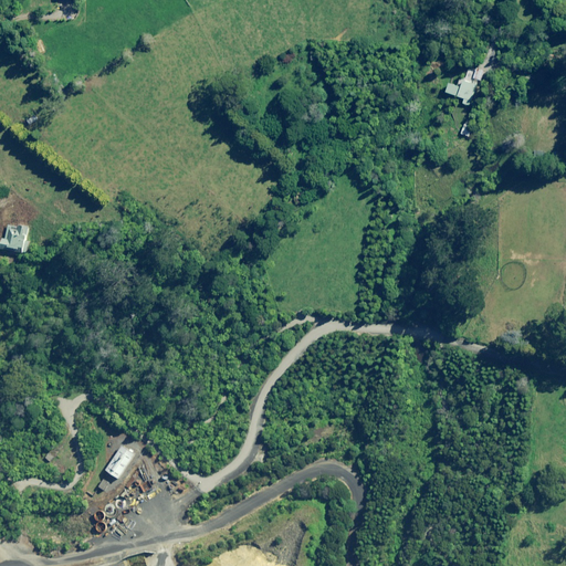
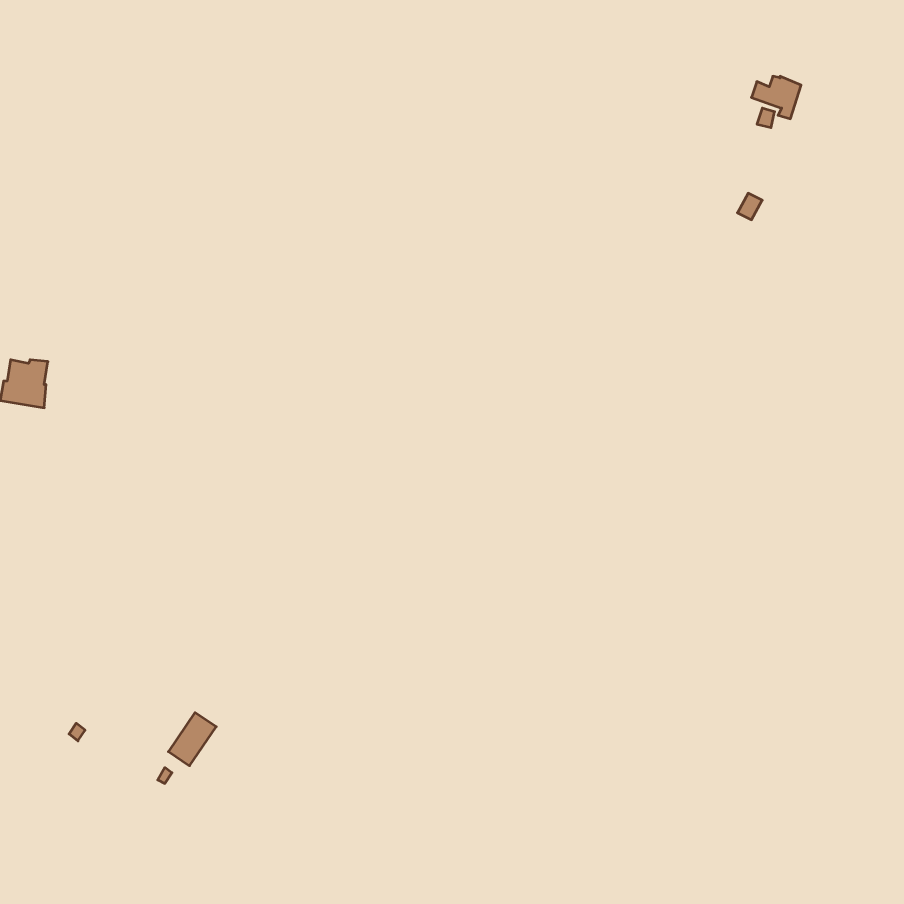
building: [444,78,475,105] -> [751,76,801,119]

